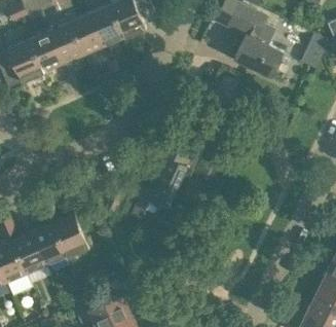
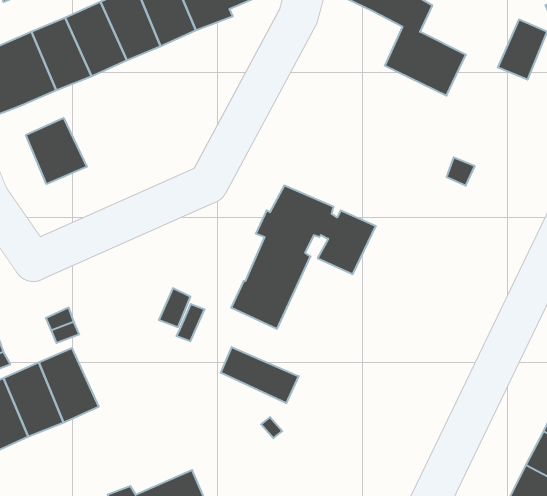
building: none -> [26,118,87,184]
building: [52,214,88,257] -> none
building: none -> [221,347,299,403]

